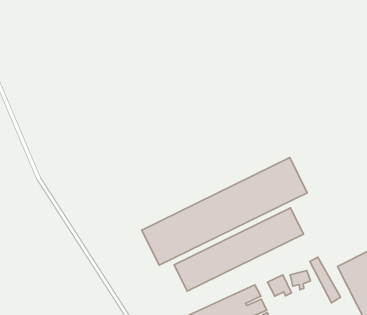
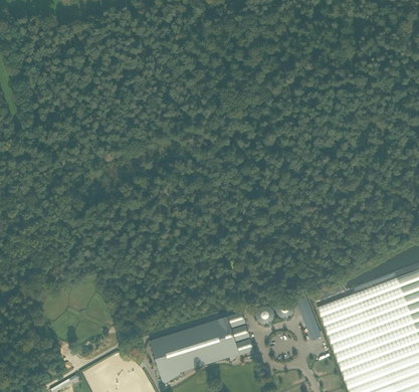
building: [142,158,307,265] -> none
building: [174,208,304,291] -> none

